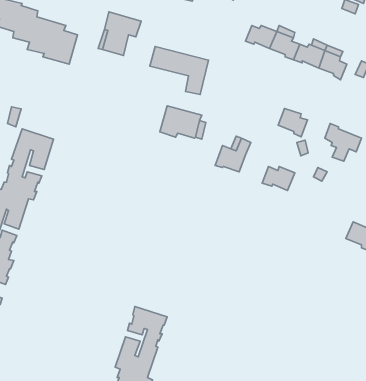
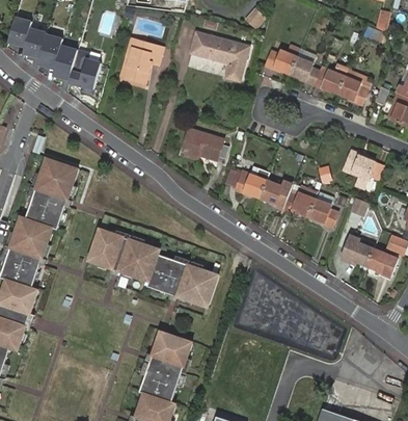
building: [150,46,208,95] -> [191,33,249,81]
building: [278,108,308,137] -> [261,181,290,209]
building: none -> [308,199,338,227]
building: none -> [343,228,374,264]
building: none -> [87,229,217,306]

